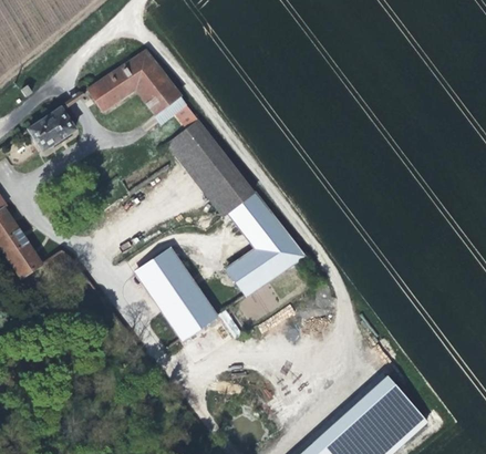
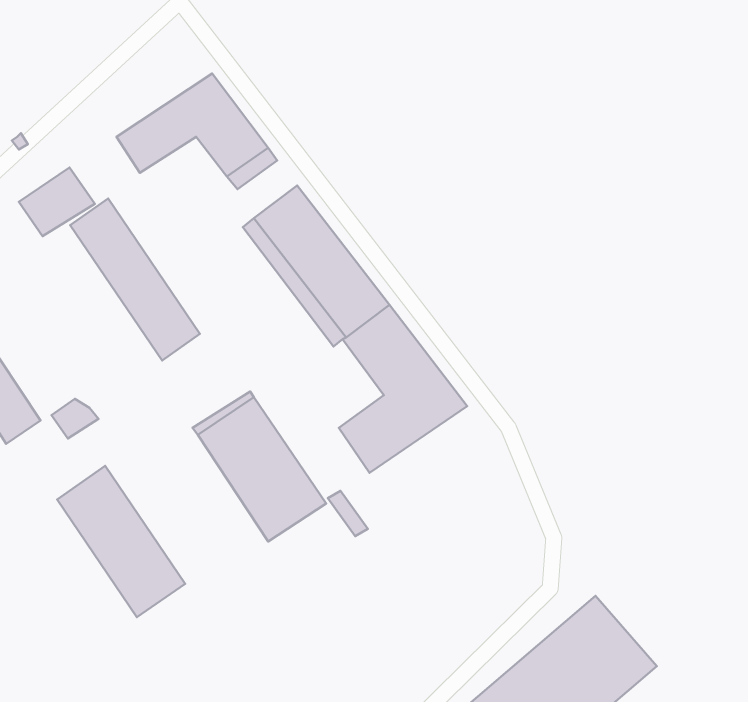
building: none -> [70,198,200,360]
building: none -> [57,466,185,617]

